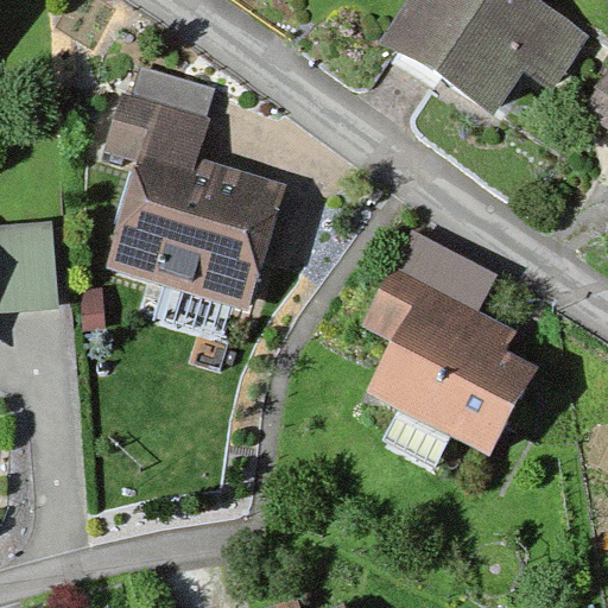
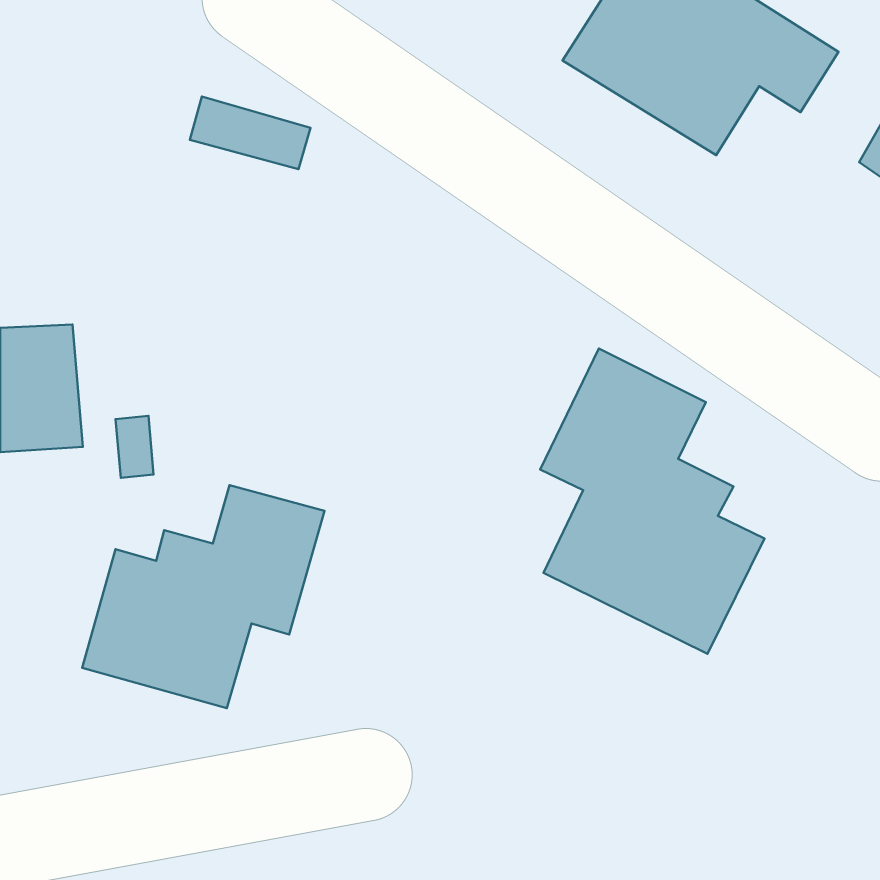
building: [109,99,276,304] -> none
building: none -> [82,485,324,708]

